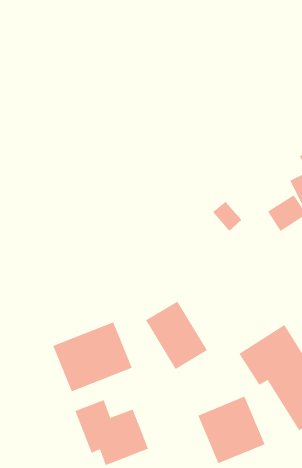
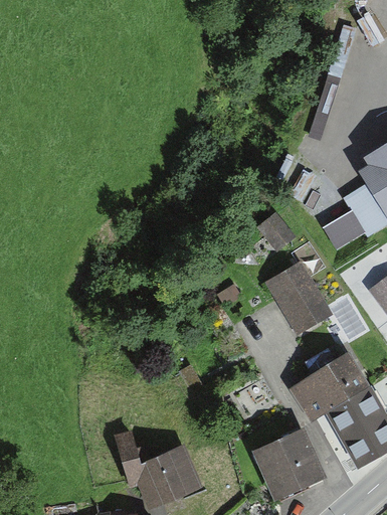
building: [145,301,208,370] -> [267,260,335,334]
building: [53,322,133,392] -> none

